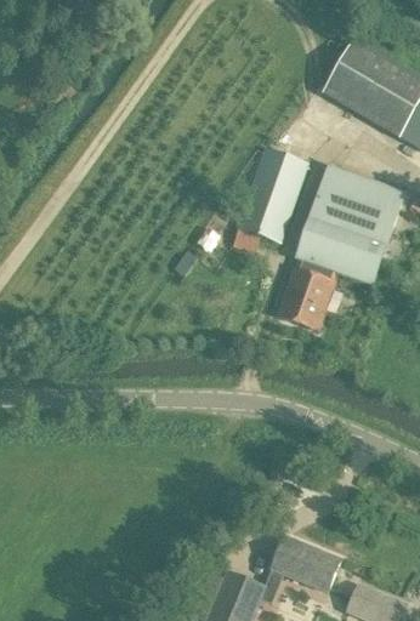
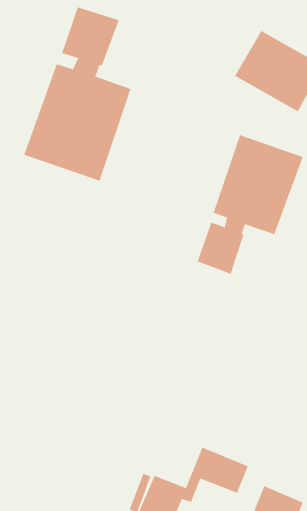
building: none -> [24,7,131,182]
building: [238,147,310,241] -> none

